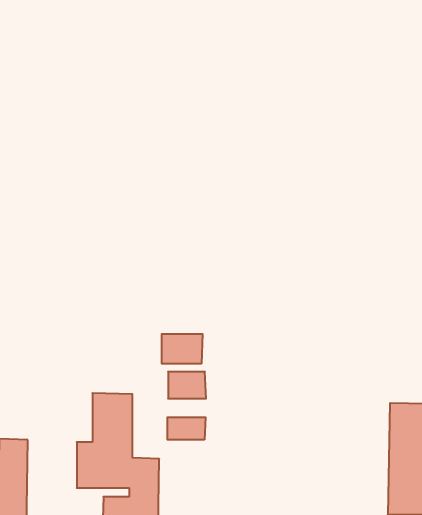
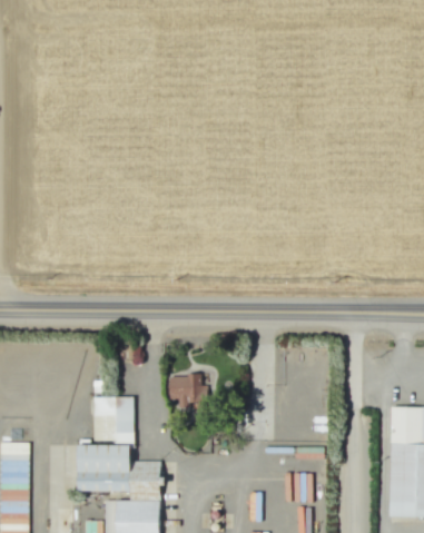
building: [162,334,203,364] -> none
building: [167,417,206,440] -> none

